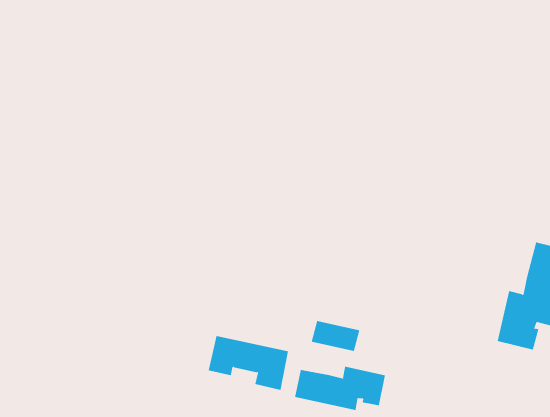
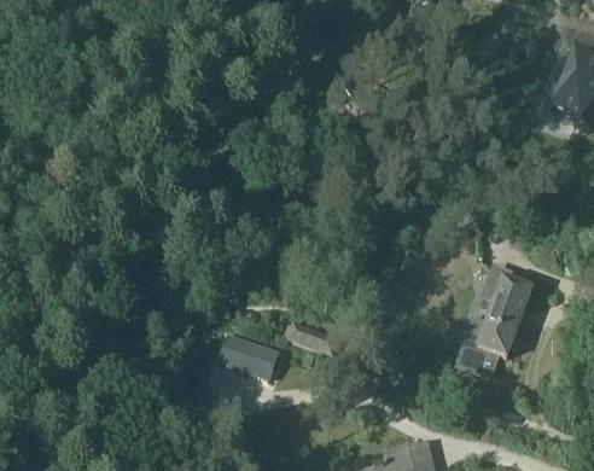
building: [294,366,386,411] -> none

